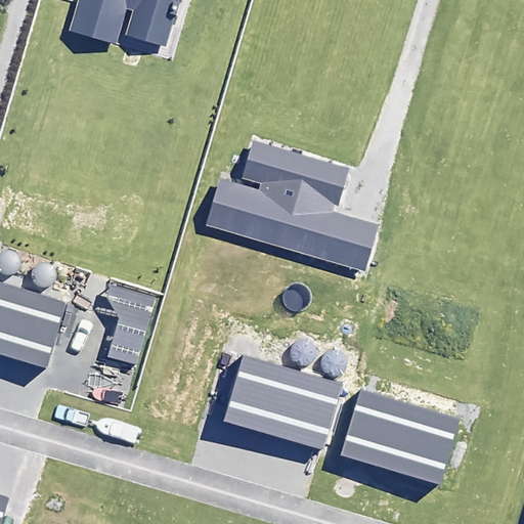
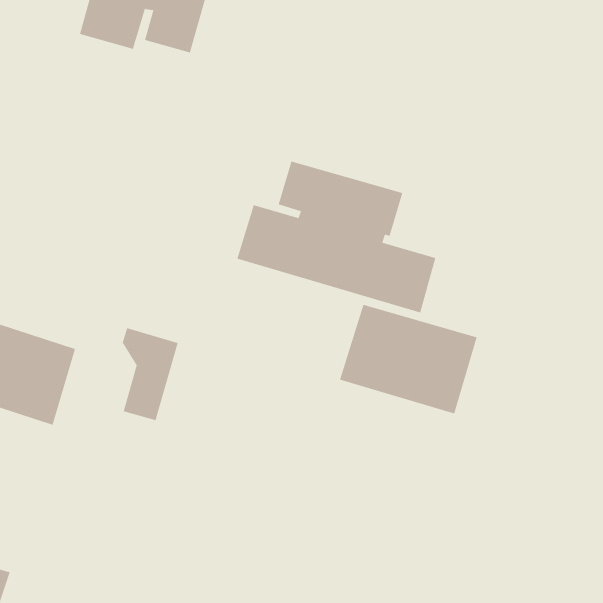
building: [222,354,342,449] -> [339,304,477,414]
building: [339,388,460,484] -> none

